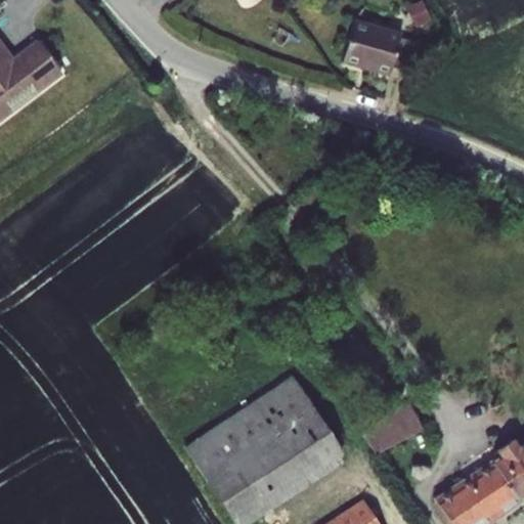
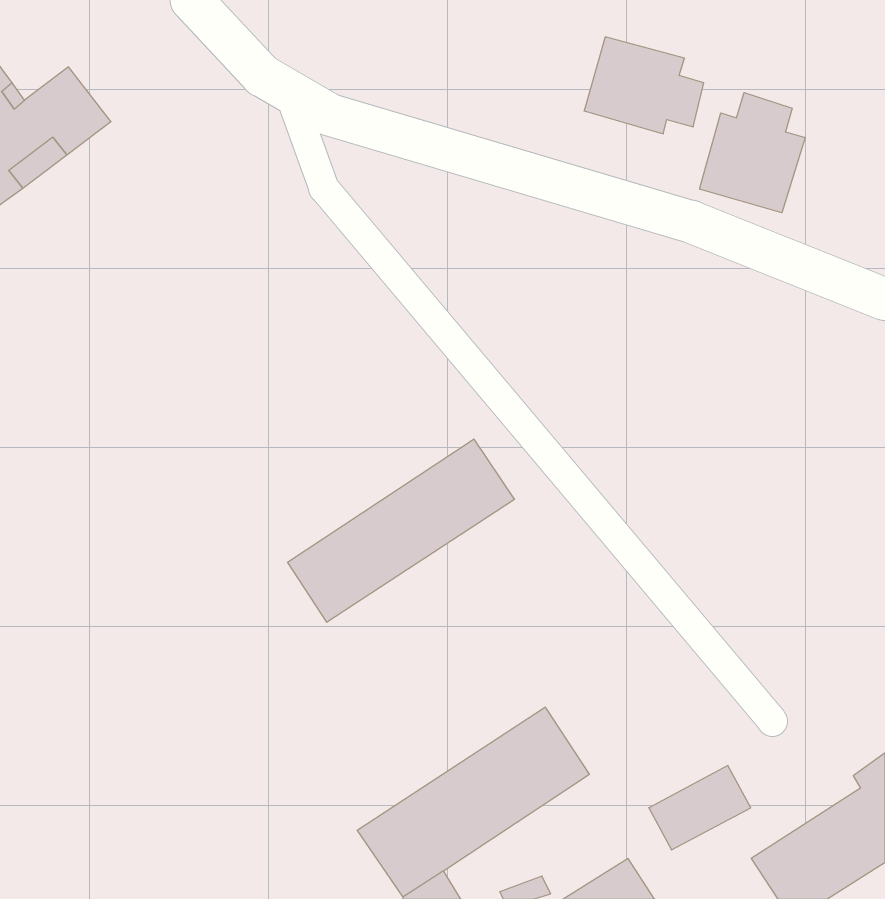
building: none -> [699,93,805,213]
building: [185,377,317,483] -> [288,439,515,622]
building: [365,404,425,453] -> [649,765,751,850]

